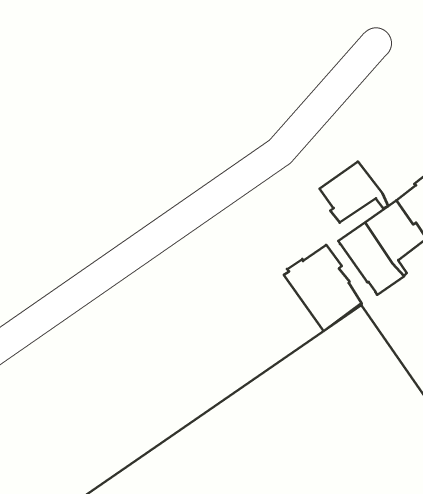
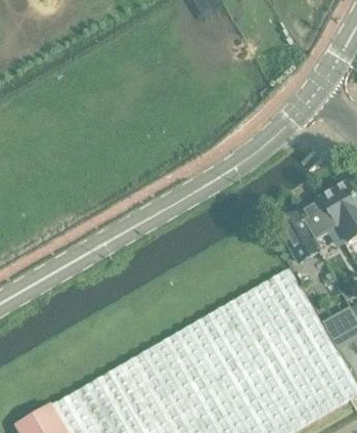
building: [320,162,388,223] -> none
building: [284,245,362,331] -> none

